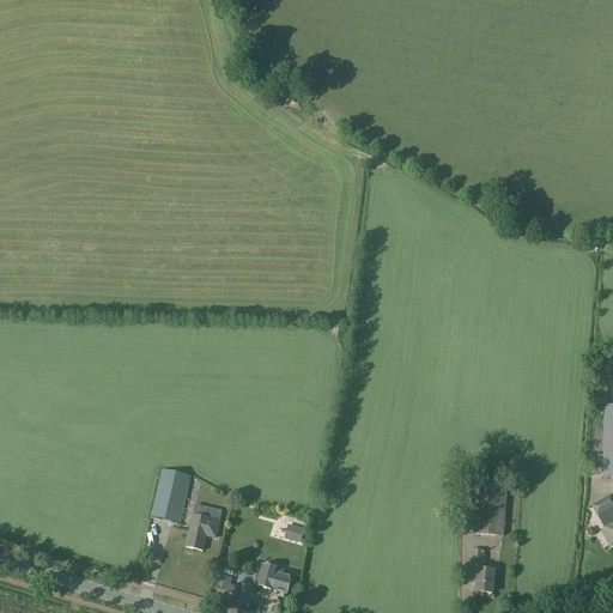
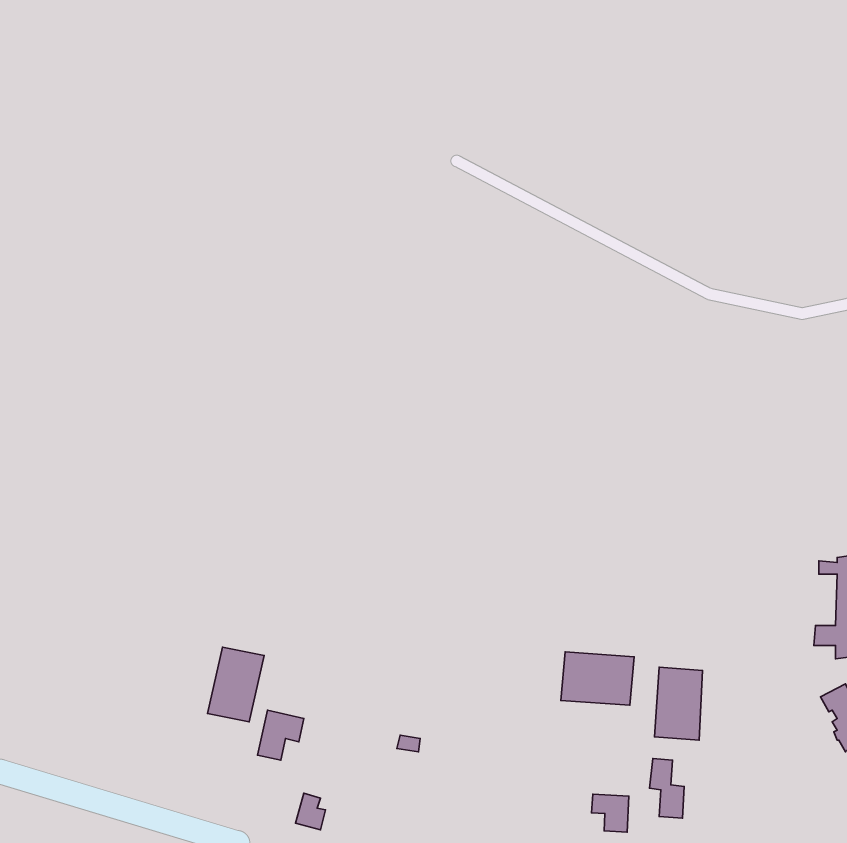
building: none -> [561,652,634,705]
building: [257,563,291,591] -> none
building: none -> [592,794,629,832]

